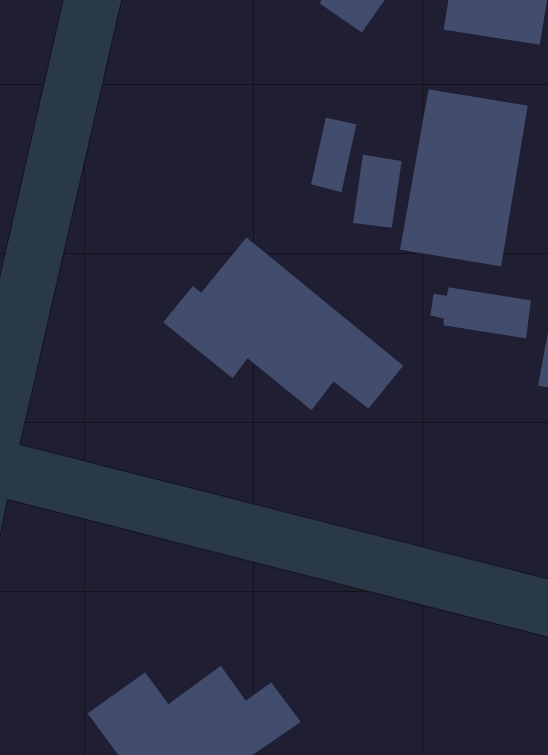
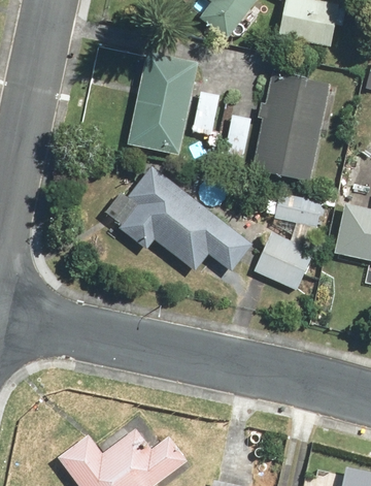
building: none -> [125,47,200,154]
building: none -> [256,232,317,293]

